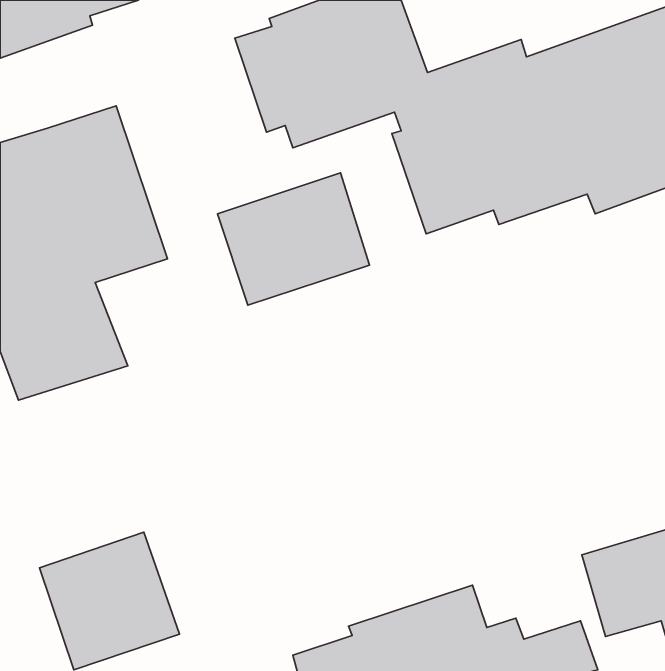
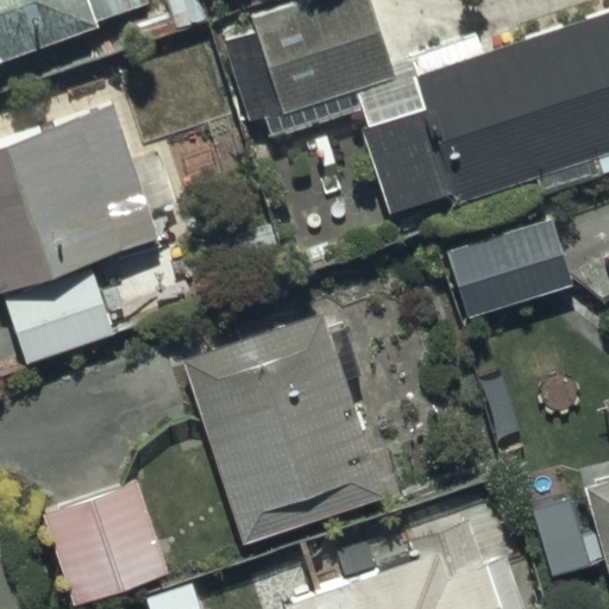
building: [218,173,369,305] -> none
building: none -> [445,216,573,320]
building: none -> [182,312,384,544]

